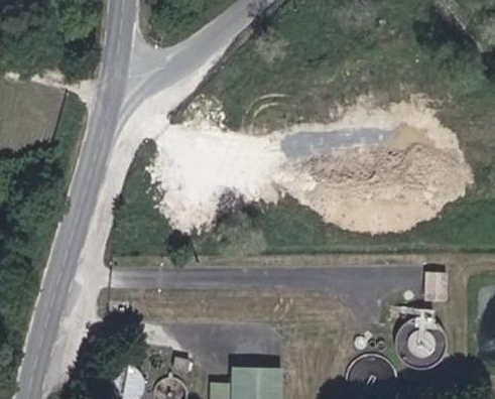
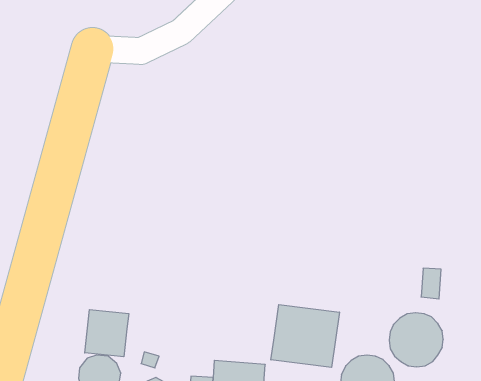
building: none -> [271,305,339,367]
building: none -> [85,310,129,357]

